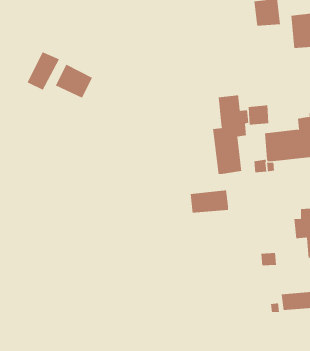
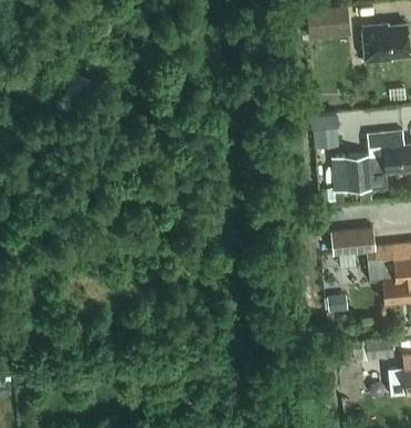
building: [55,64,93,99] -> none
building: [213,95,249,175] -> none
building: [190,190,229,213] -> [329,227,373,253]

